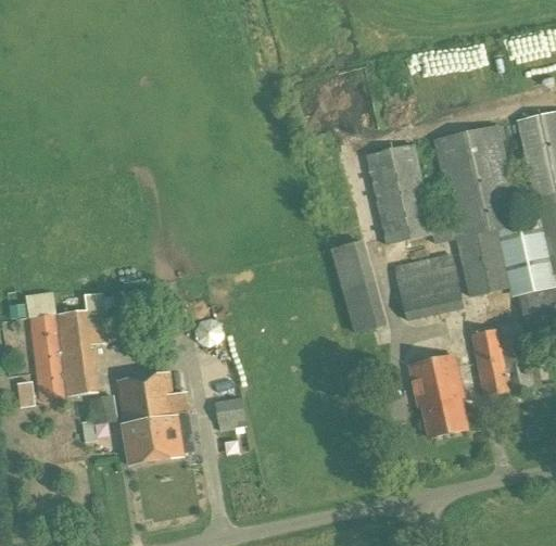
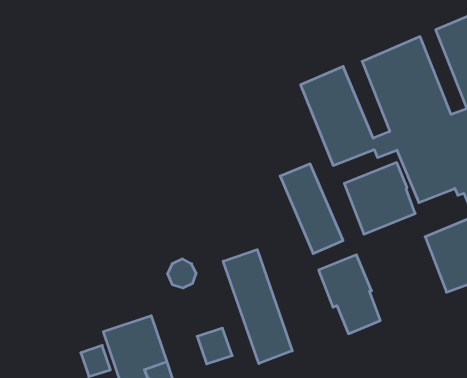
building: [29,291,110,399] -> none
building: none -> [223,250,292,364]
building: [412,355,468,436] -> [319,255,380,334]

